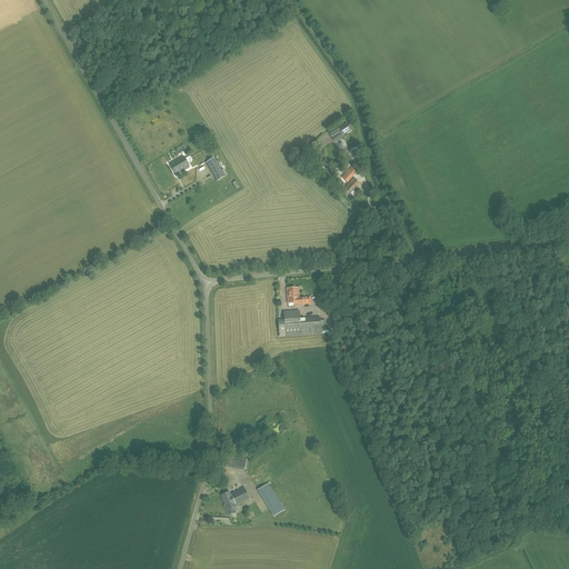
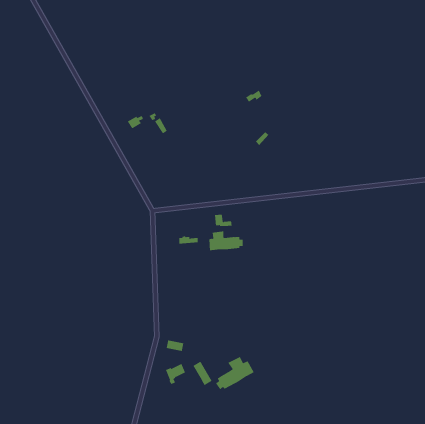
building: none -> [215,356,255,390]

